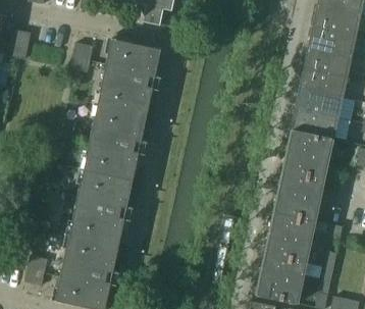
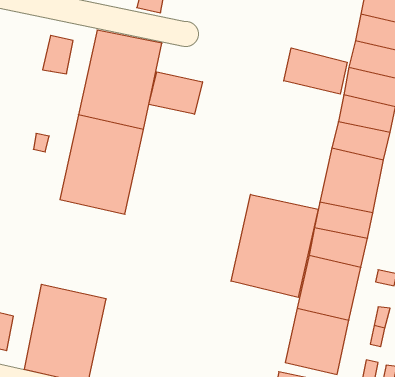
building: none -> [284,48,347,94]
building: none -> [149,72,202,114]
building: none -> [231,194,318,297]
building: [68,169,133,246] -> none

